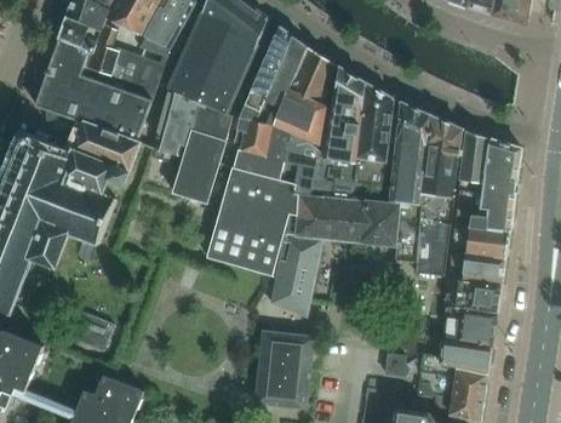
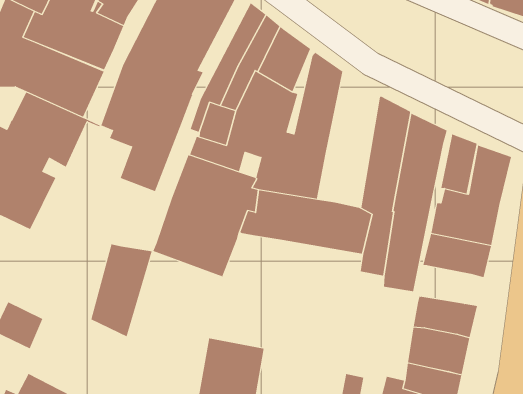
building: [350,84,393,201] -> none
building: [270,235,321,318] -> [90,244,152,337]
building: [448,252,504,285] -> none

